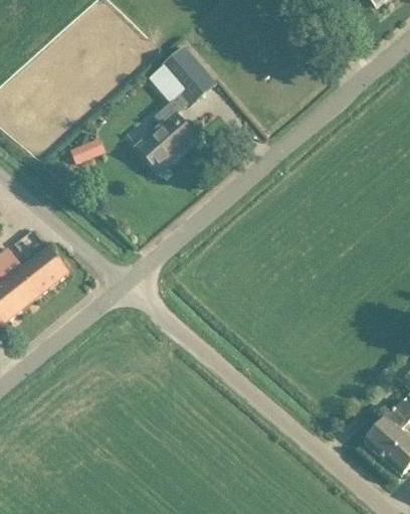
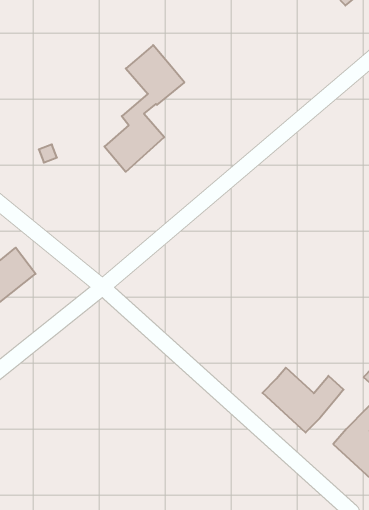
building: none -> [262,368,344,433]

